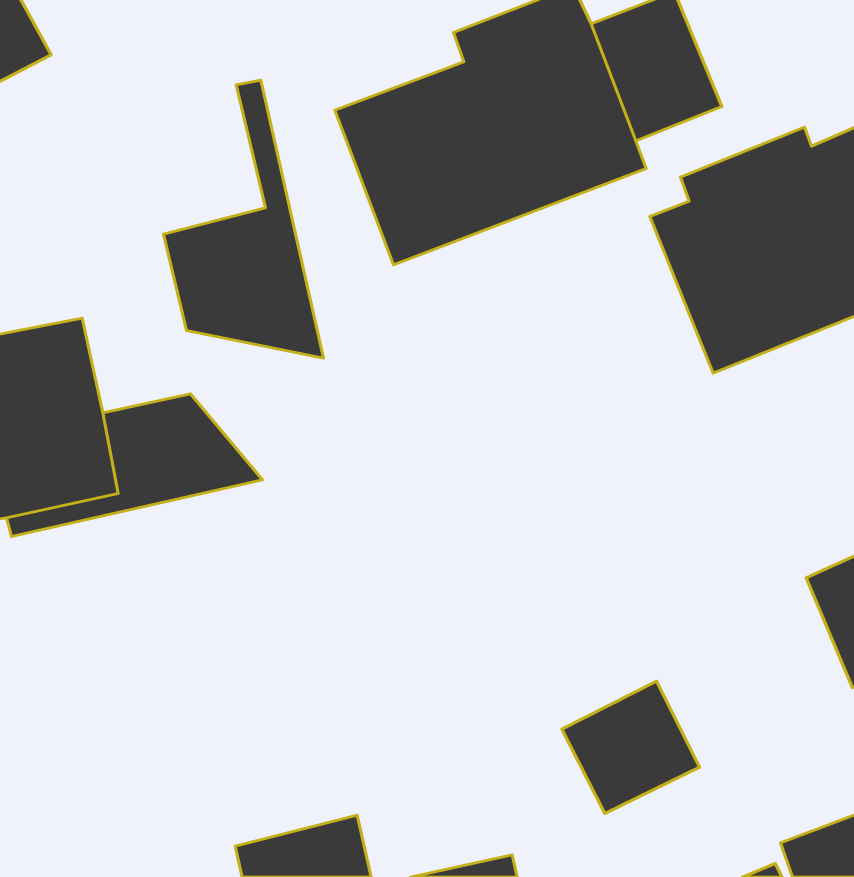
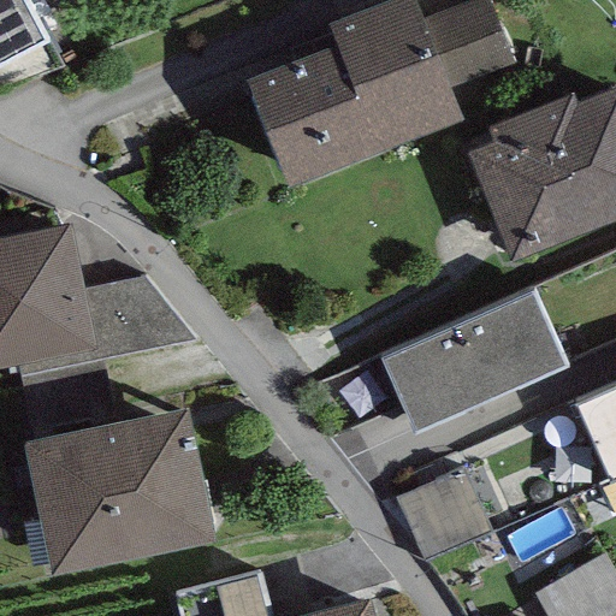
building: [164,80,324,358] -> none
building: none -> [381,292,569,433]
building: none -> [23,408,213,573]

